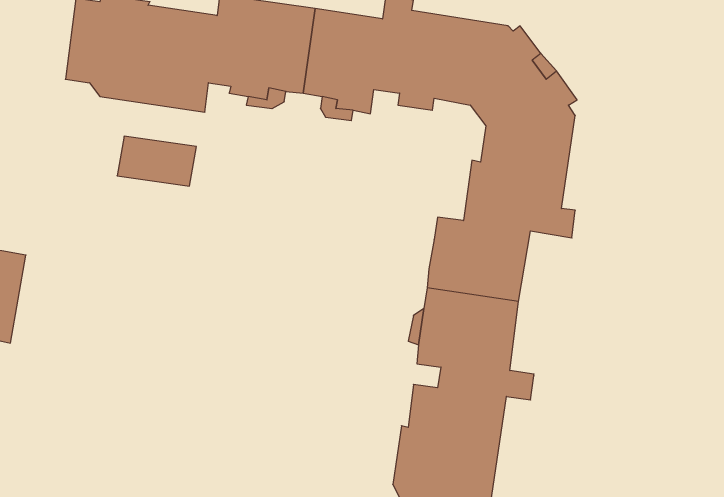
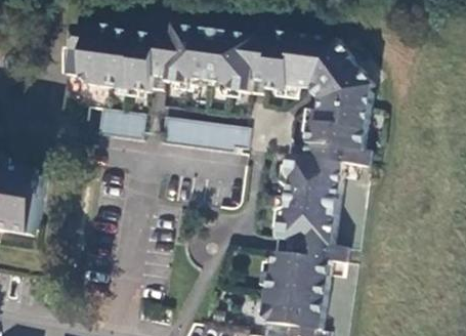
building: none -> [163,115,250,149]

